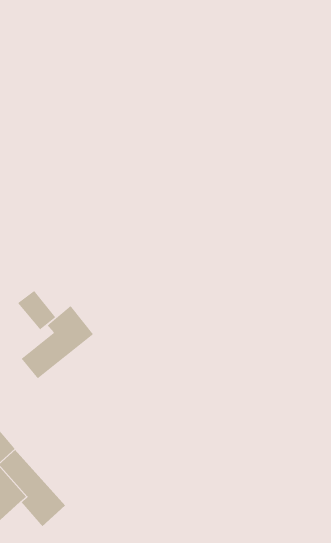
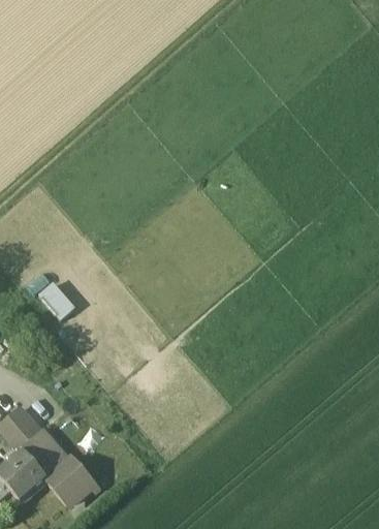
building: [21,305,94,379] -> none

